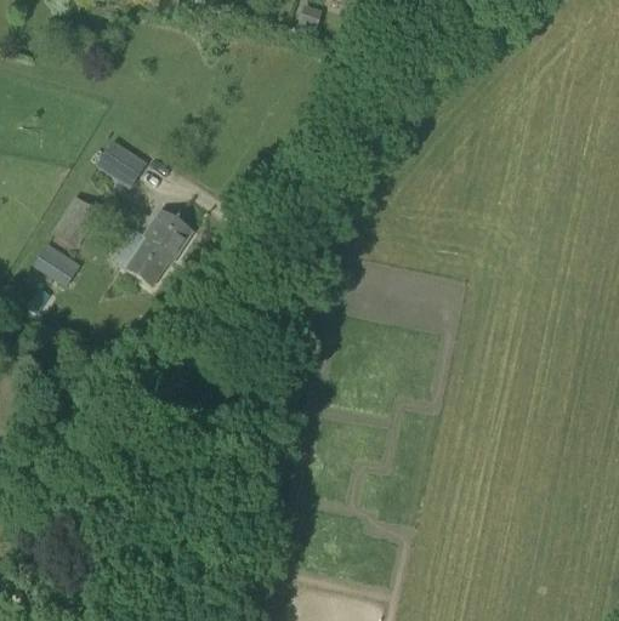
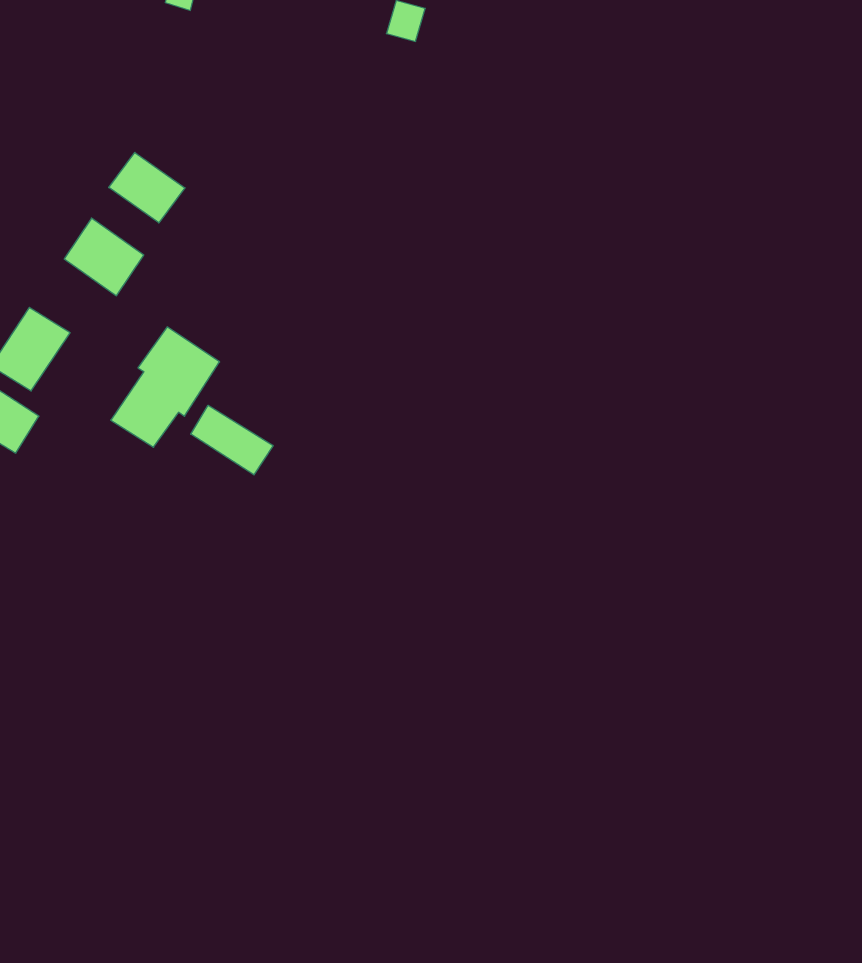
building: none -> [109,152,185,223]
building: none -> [191,405,273,475]

